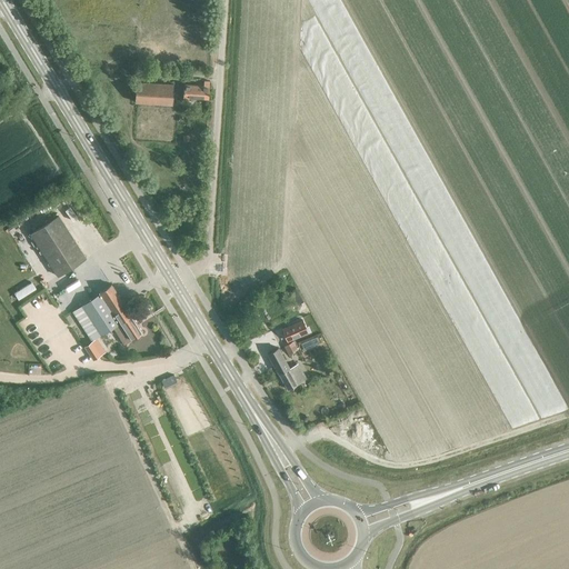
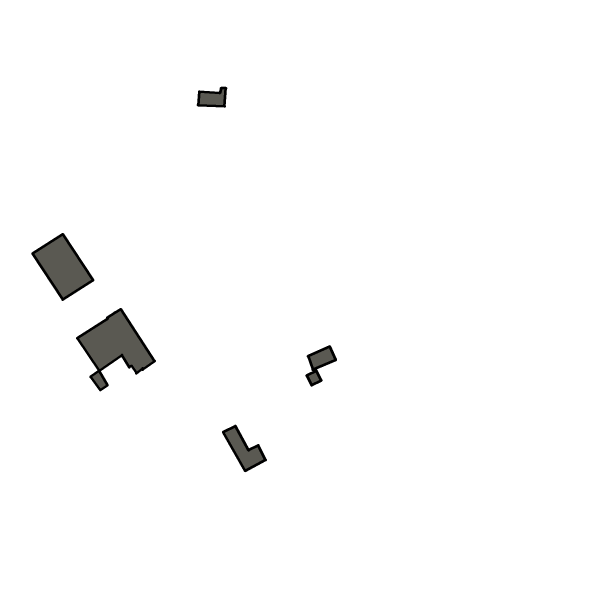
building: [134,82,172,106] -> none
building: [266,349,305,390] -> [223,426,266,471]

